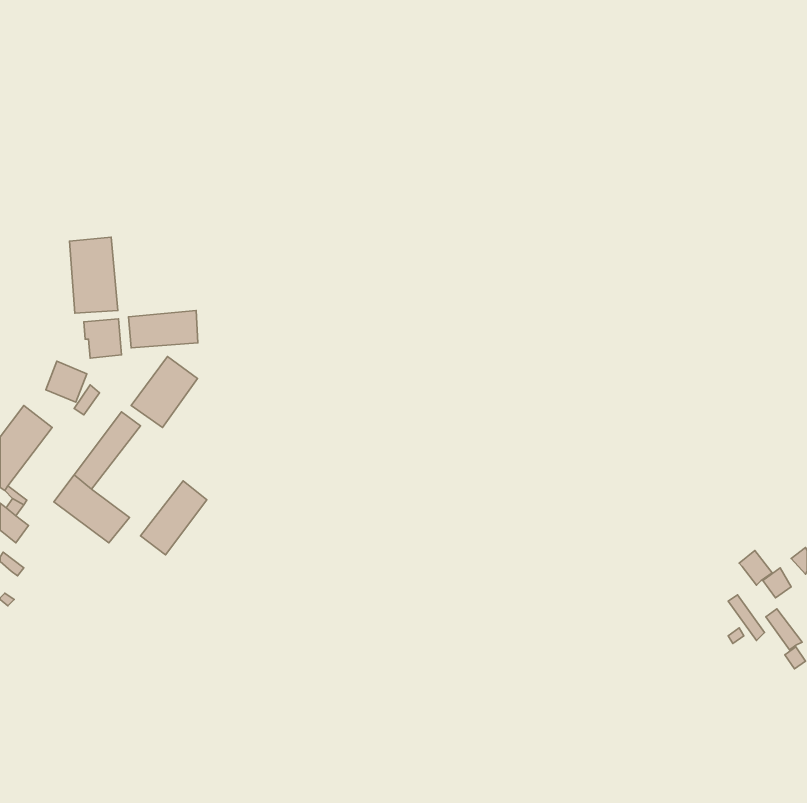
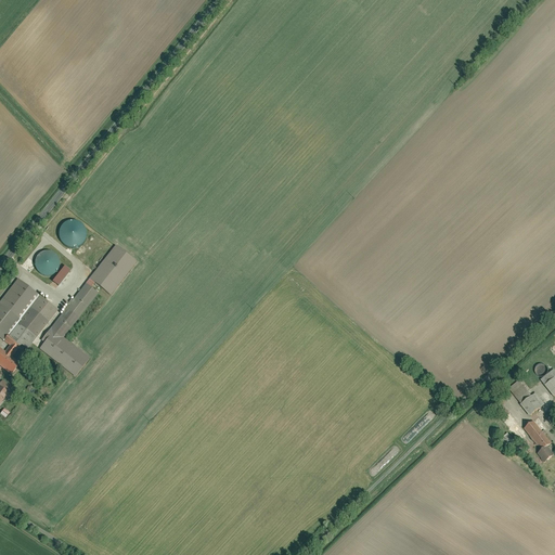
building: [69,237,118,313] -> none
building: [128,310,198,348] -> none
building: [140,481,207,555] -> [11,296,56,347]

